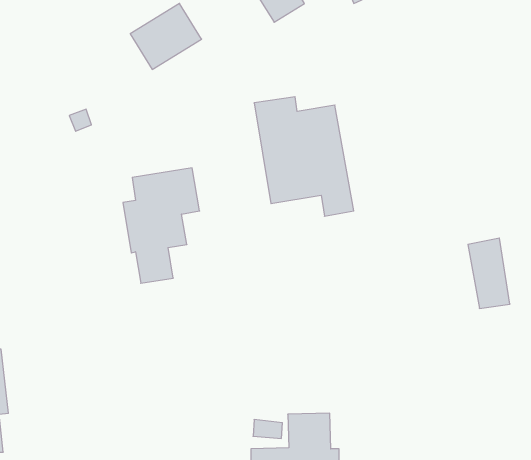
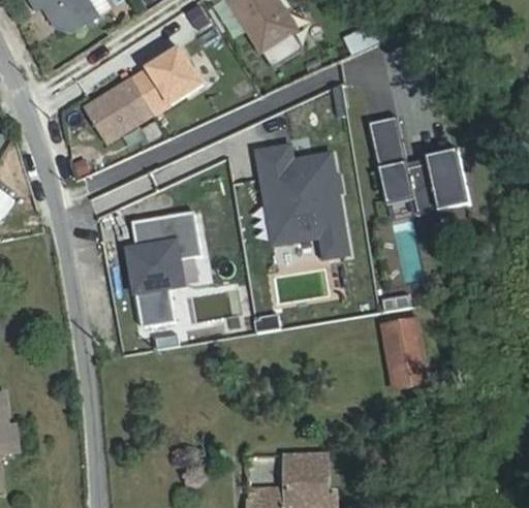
building: none -> [82,80,152,144]
building: none -> [368,115,468,219]
building: [468,238,510,308] -> [384,319,426,388]

